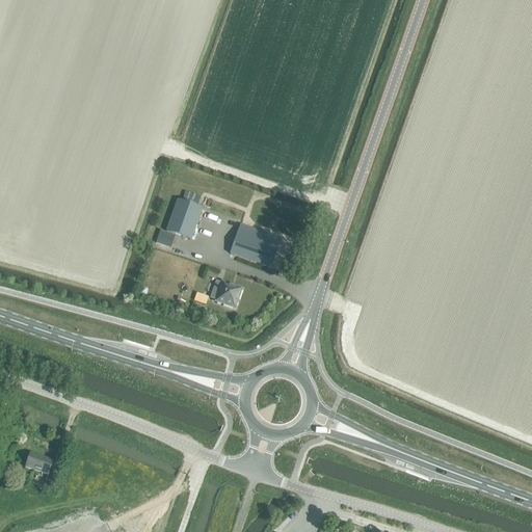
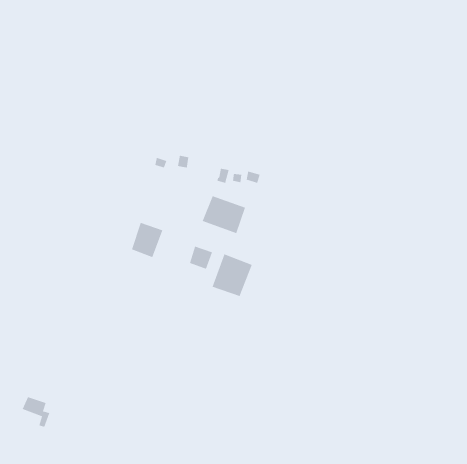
building: [166,197,203,238] -> [131,222,163,258]
building: none -> [212,253,252,297]

